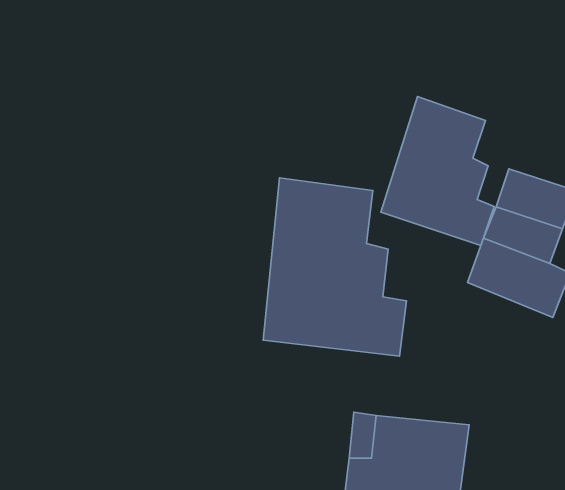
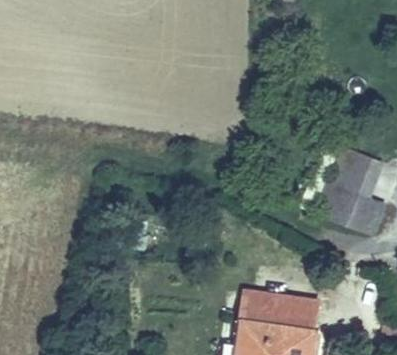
building: [381,96,494,245] -> none
building: [263,178,406,356] -> none

